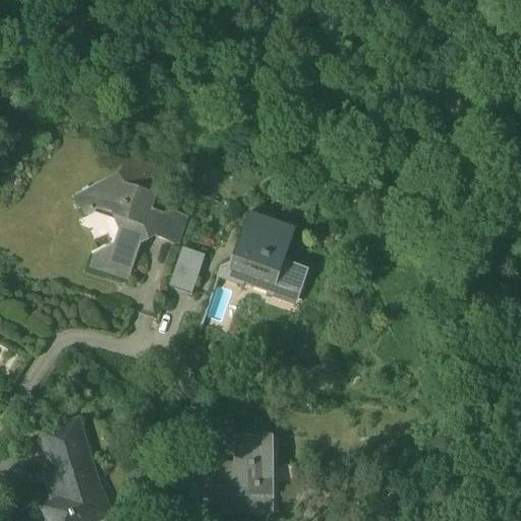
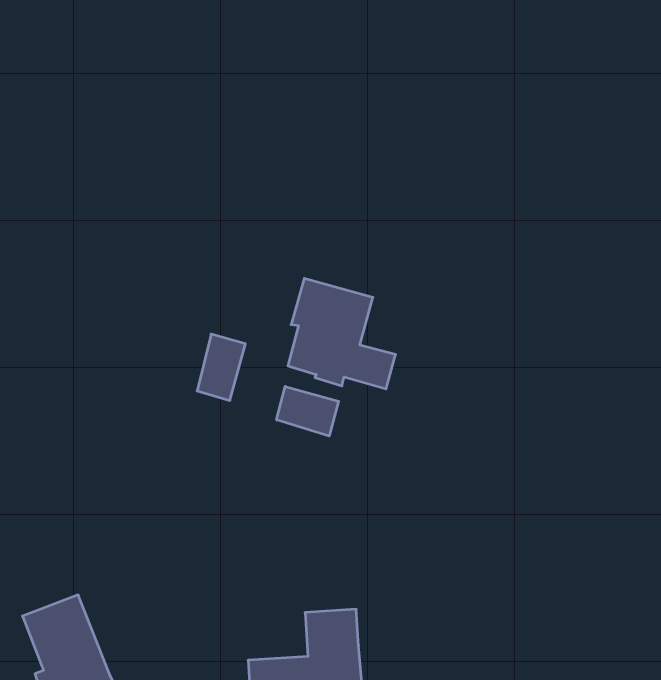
building: [75,158,186,278] -> none
building: none -> [277,386,339,436]

